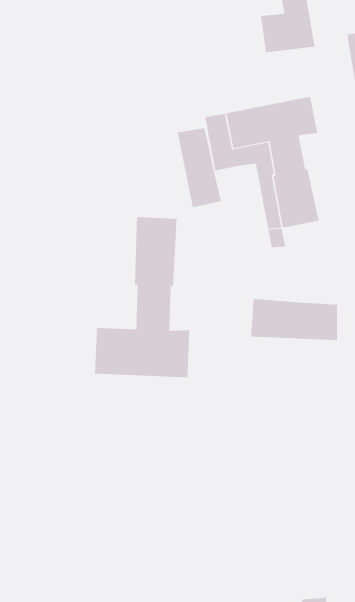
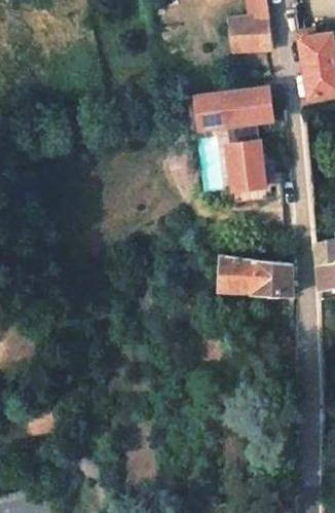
building: [177,128,222,208] -> none
building: [94,216,190,378] -> none

